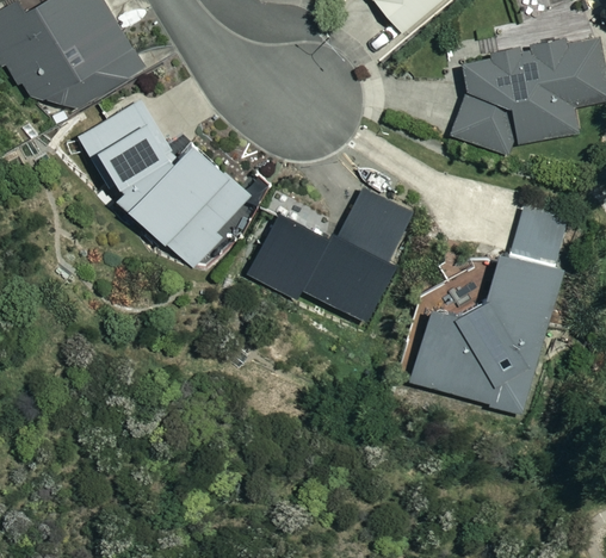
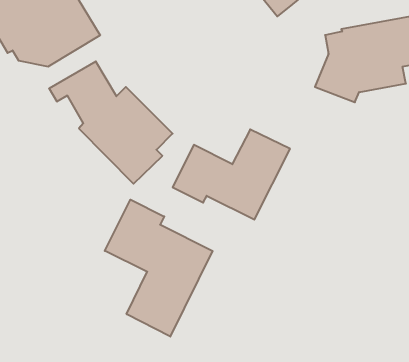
building: [409,207,568,415] -> none
building: none -> [105,200,213,337]

